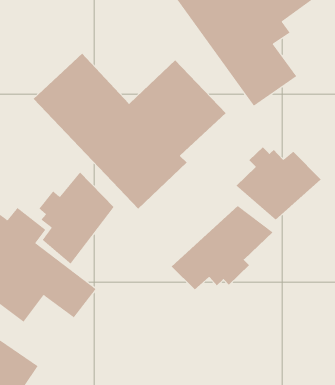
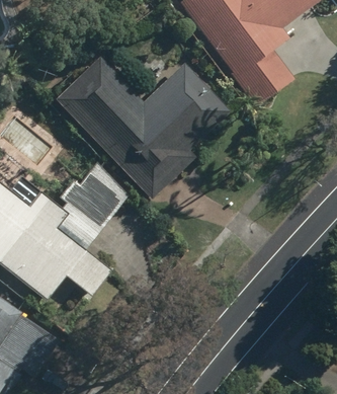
building: [235,147,322,220] -> none
building: [171,205,274,290] -> none

